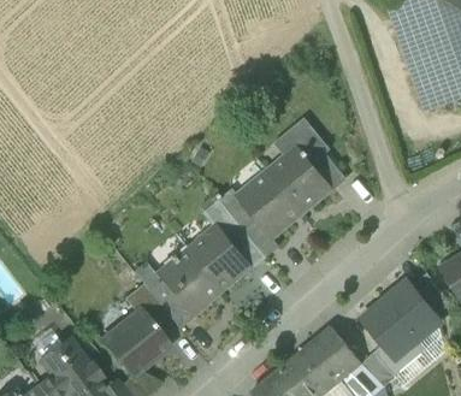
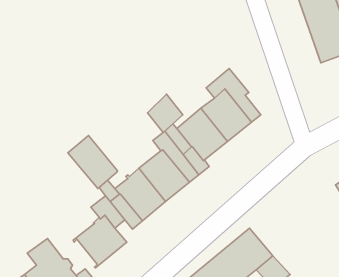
building: none -> [148,94,183,132]
building: none -> [68,135,118,189]
building: [361,280,441,374] -> none

